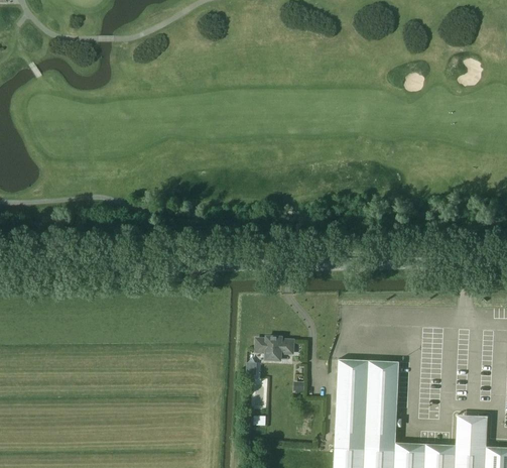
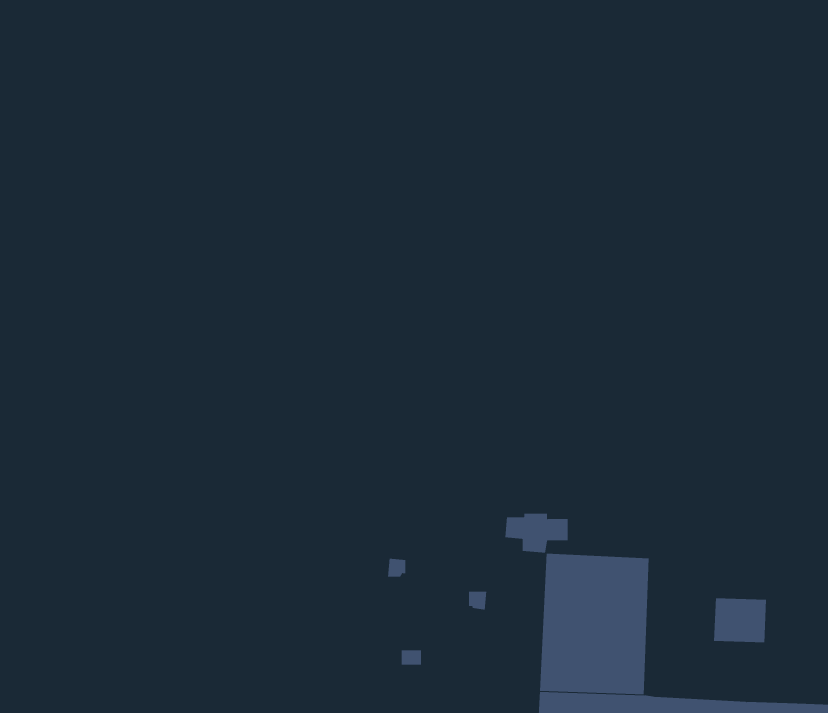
building: [256,338,293,361] -> [505,513,568,553]
building: [456,422,487,448] -> [713,598,767,643]

